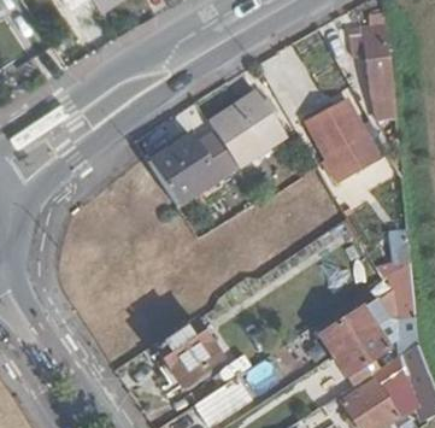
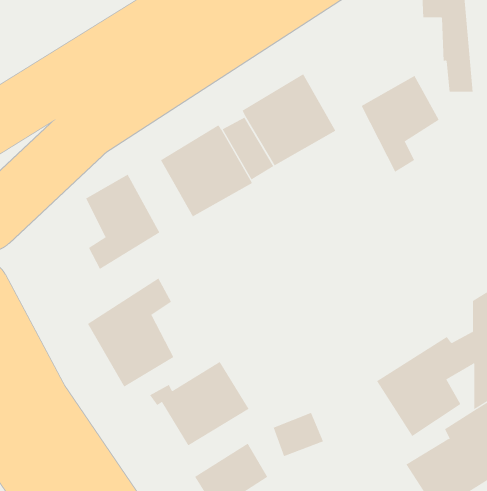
building: none -> [86,174,160,270]
building: none -> [87,277,174,388]

